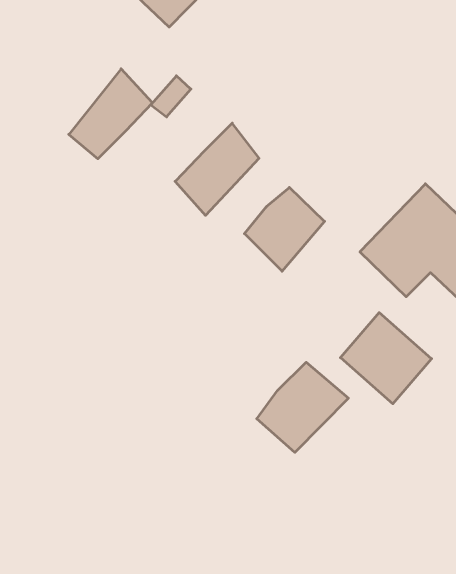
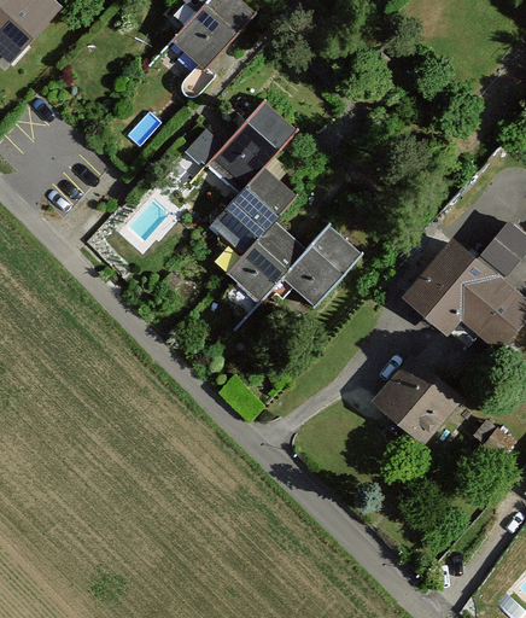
building: [69,69,153,159] -> [210,103,293,192]
building: none -> [221,218,300,305]
building: [257,362,348,452] -> none

